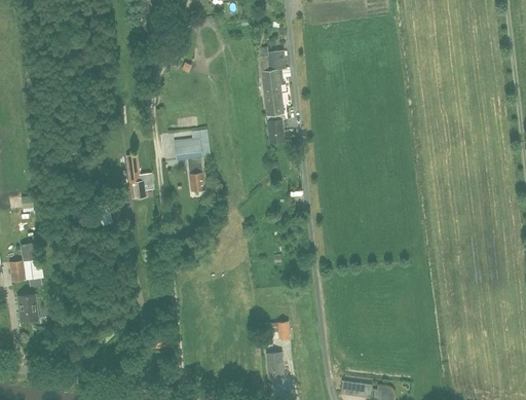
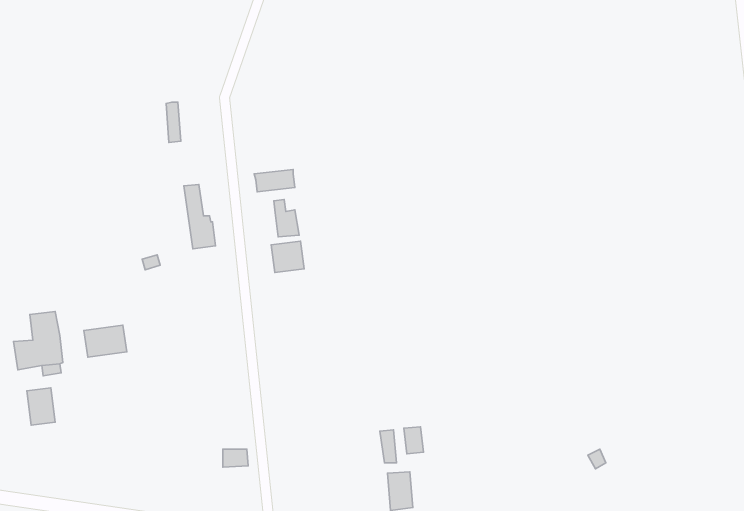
building: [260,50,286,142] -> none
building: none -> [271,241,304,273]
building: none -> [84,325,127,357]

